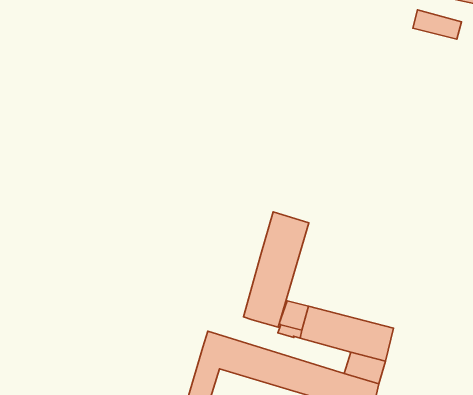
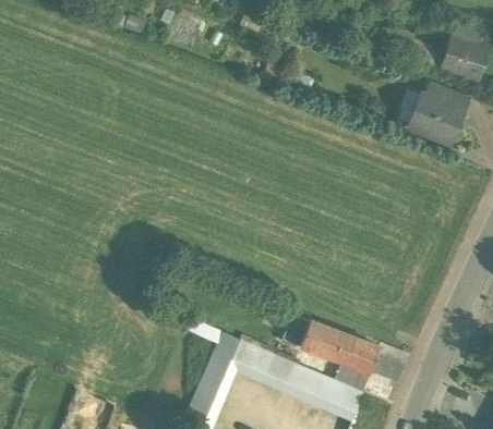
building: none -> [409,96,460,142]
building: [244,212,309,327] -> none

